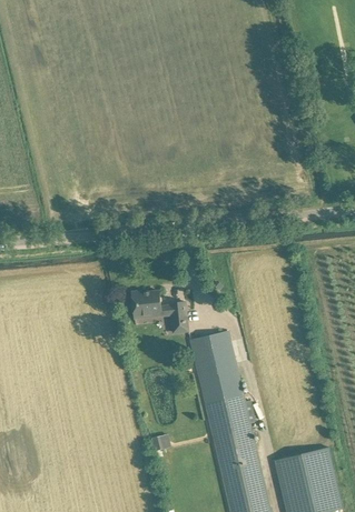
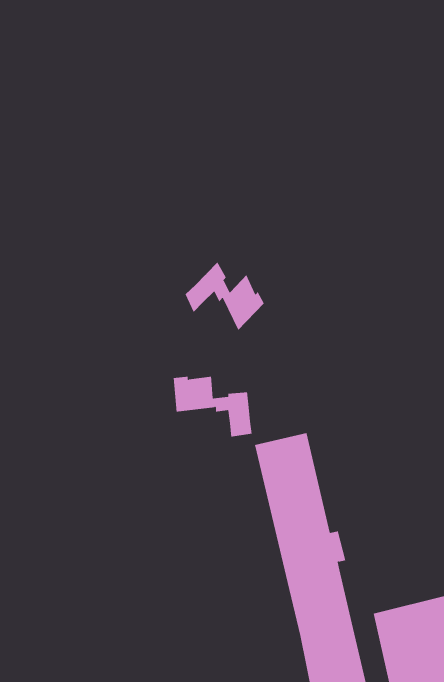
building: none -> [185,262,264,331]

